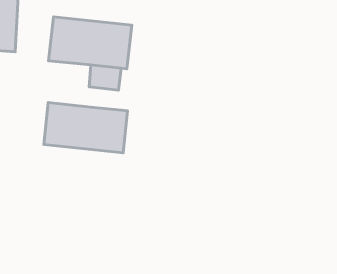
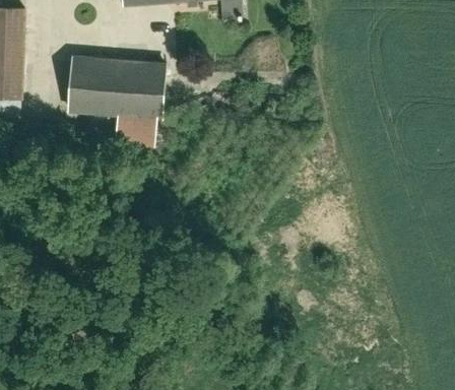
building: [44,102,127,153] -> none

